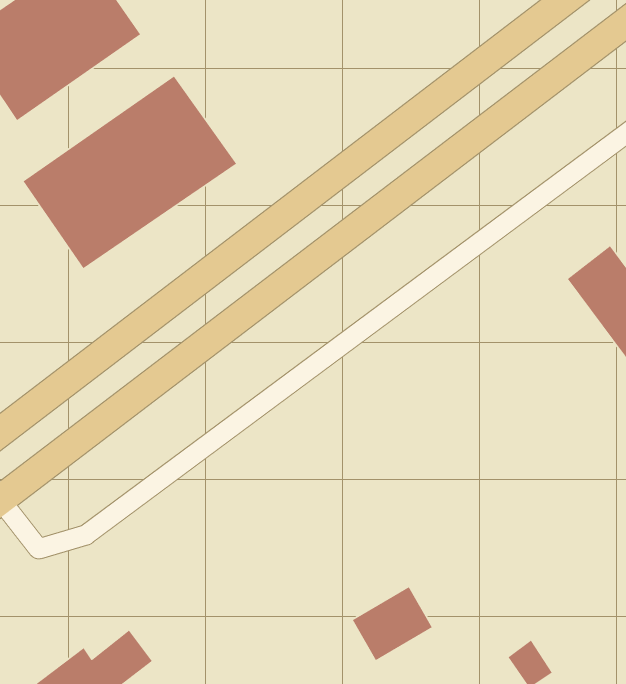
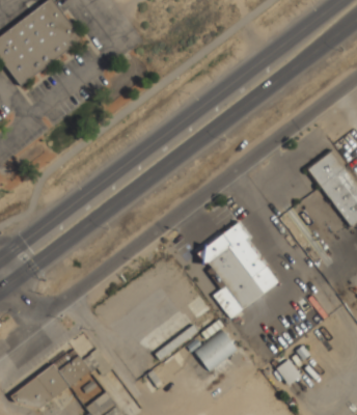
building: [23,76,237,269] -> none
building: none -> [196,222,277,316]

